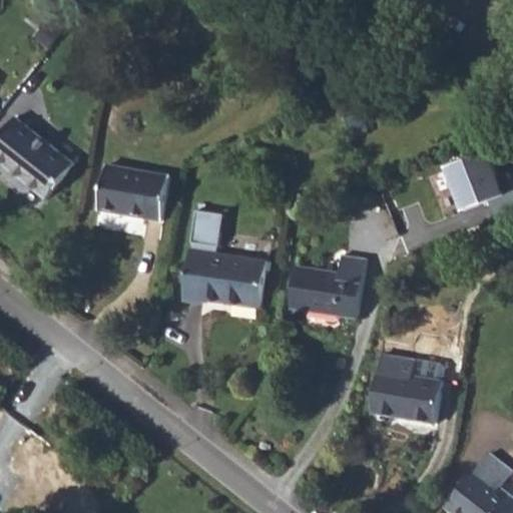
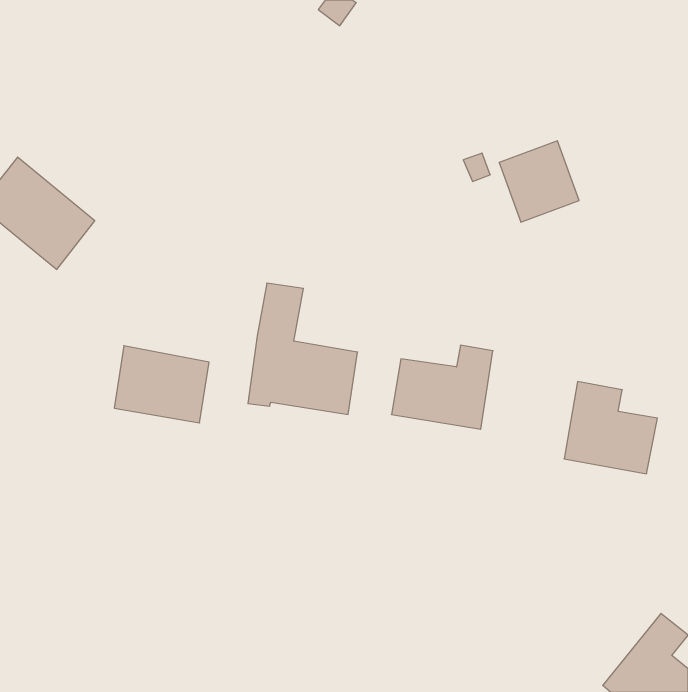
building: [446,152,505,212] -> [499,141,579,222]
building: [96,163,166,220] -> [114,346,209,423]
building: [372,354,441,422] -> [564,382,657,474]

